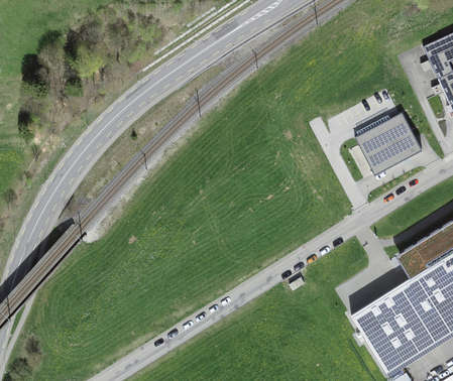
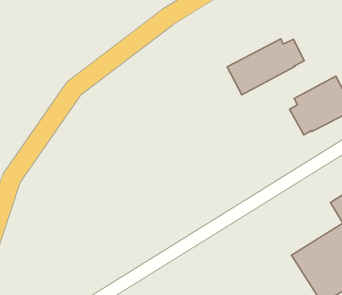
building: none -> [227,39,304,95]

